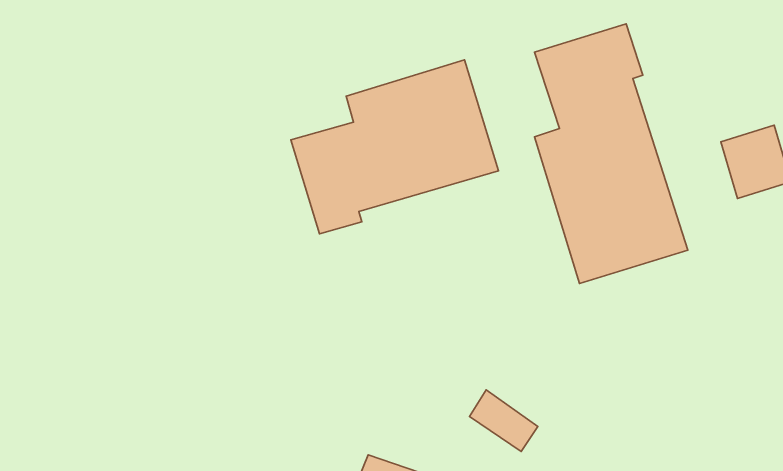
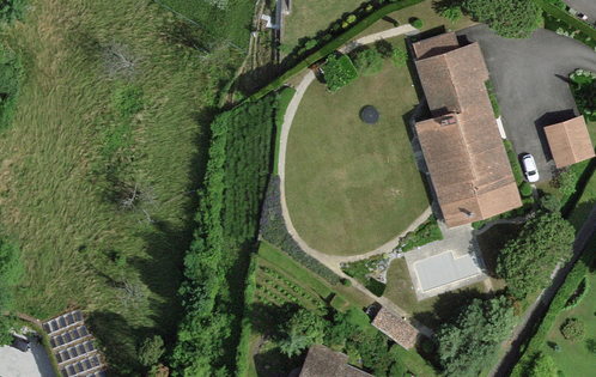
building: [291,60,499,234] -> none

